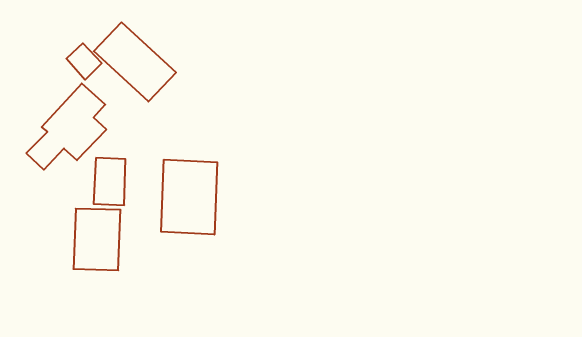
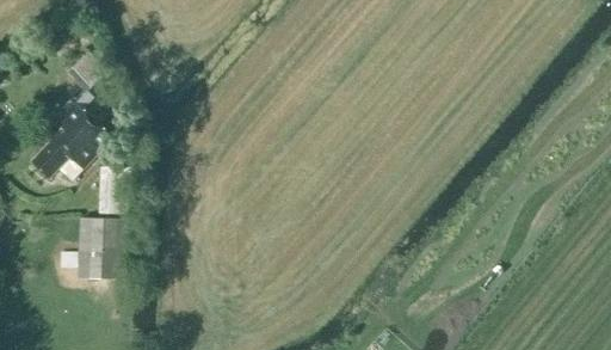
building: [94,22,176,102] -> none
building: [161,160,217,235] -> none

